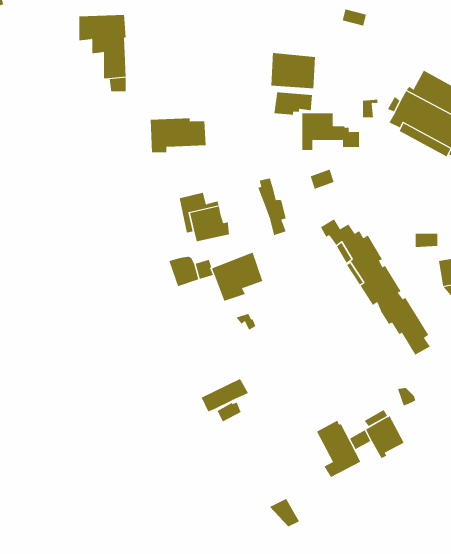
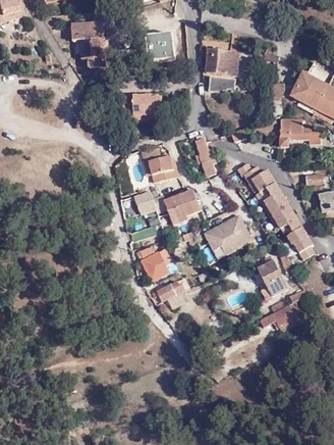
building: none -> [153,28,178,56]
building: [302,113,360,151] -> [282,122,323,149]
building: none -> [206,216,254,255]
building: none -> [138,246,174,281]
building: [316,420,361,478] -> [256,258,287,299]

